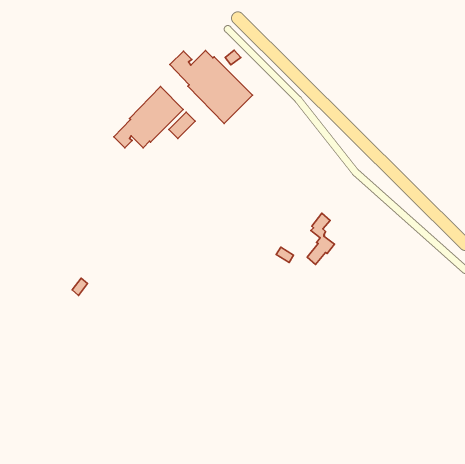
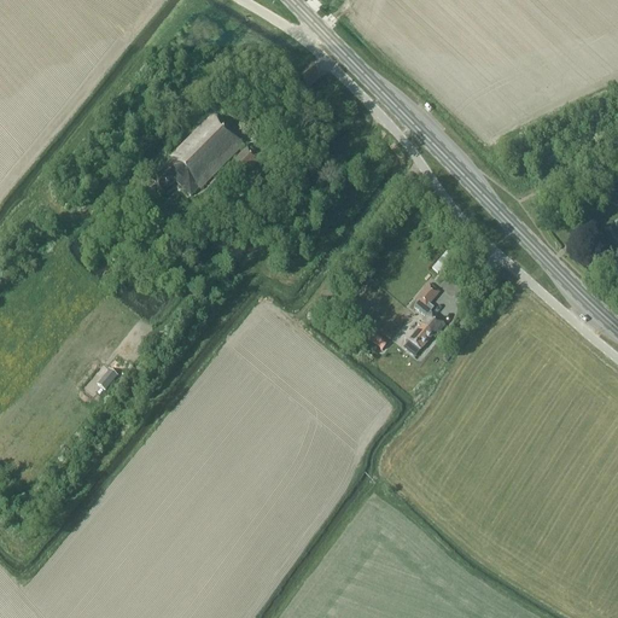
building: [170,50,252,123] -> none

